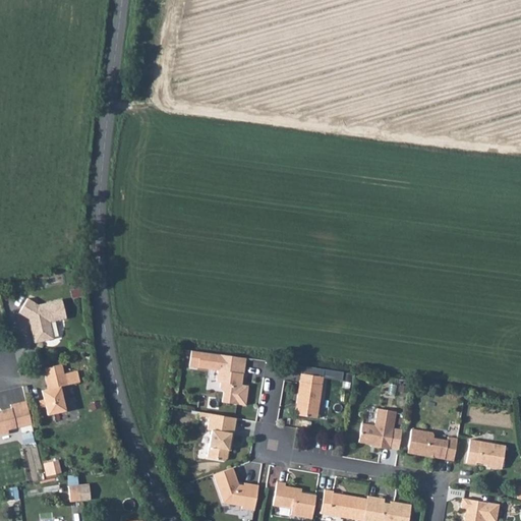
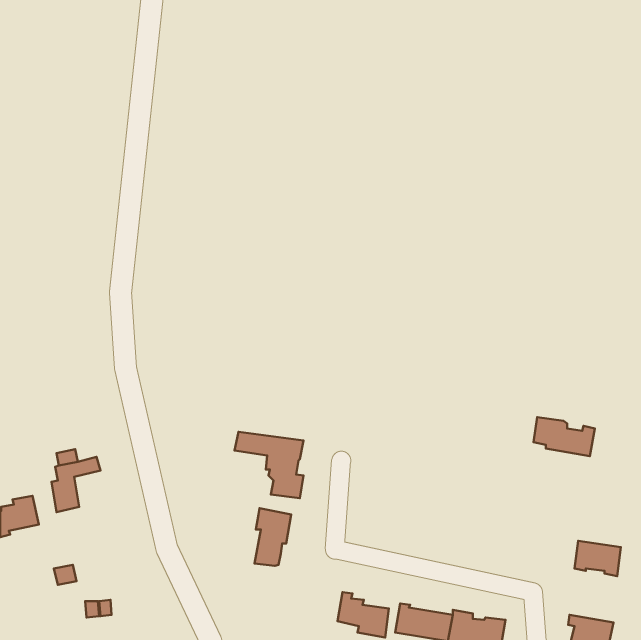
building: [18,299,66,344] -> none
building: [296,373,325,419] -> none
building: [358,406,396,450] -> none
building: [407,429,457,461] -> [533,417,595,456]
building: [214,468,258,509] -> none

